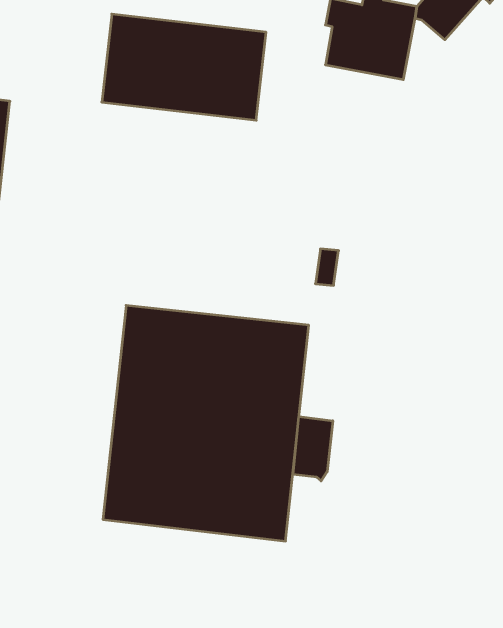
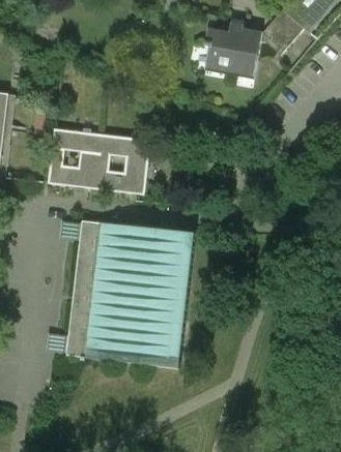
building: [102,14,266,120] -> [48,127,150,193]
building: [293,417,333,481] -> none

